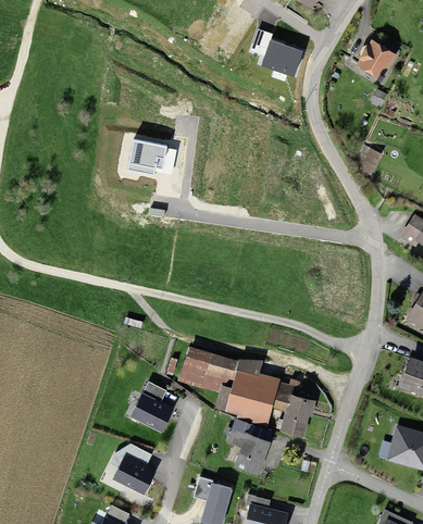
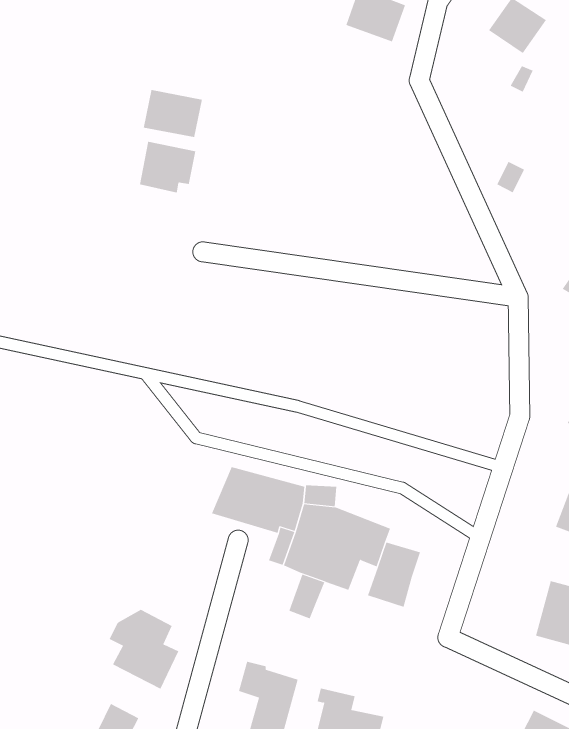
building: none -> [143,89,203,138]
building: [130,379,174,431] -> none
building: [234,437,266,474] -> none

